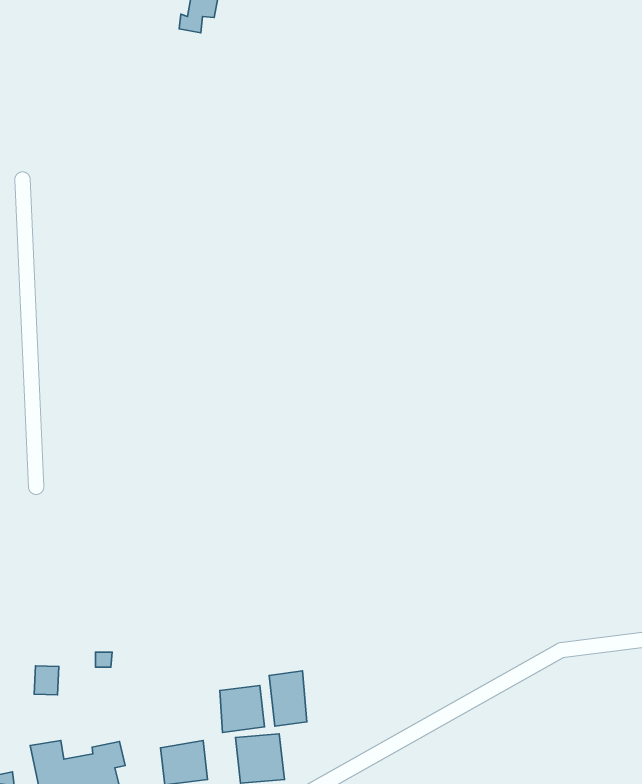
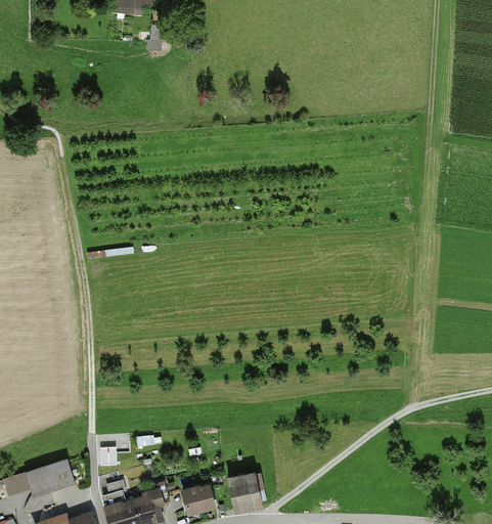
building: [269,671,307,726] -> none
building: [220,686,265,732] -> none

